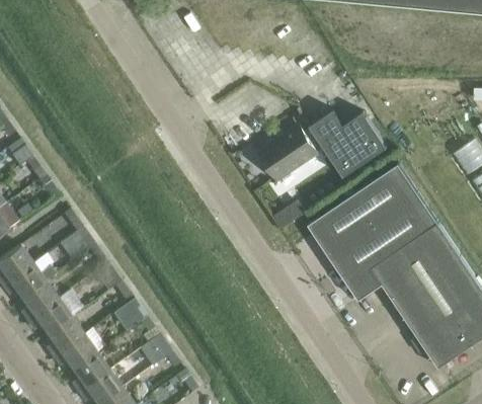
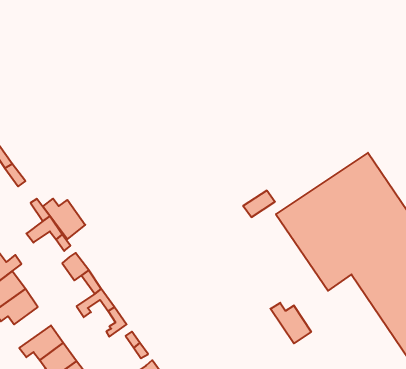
building: [257,111,387,181] -> none
building: none -> [43,199,85,239]
building: none -> [270,303,311,343]
building: [46,317,84,357] -> none

